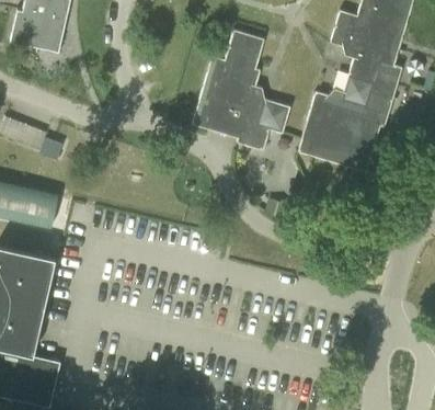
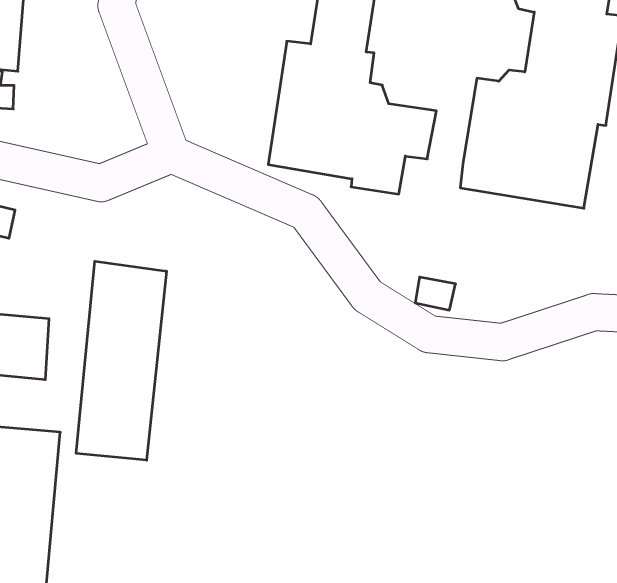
building: none -> [76,261,166,460]

